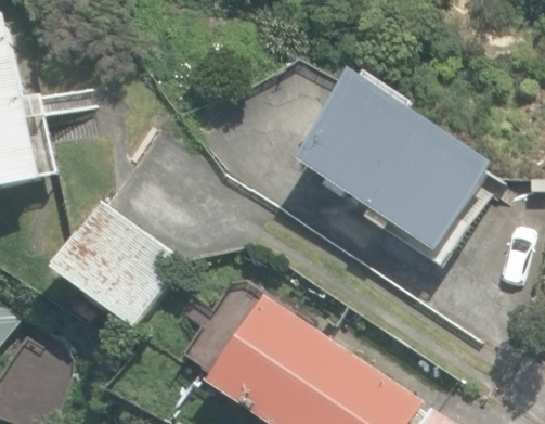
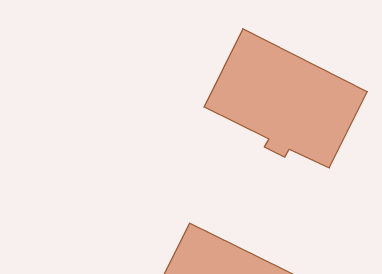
building: [52,202,182,326] -> none

